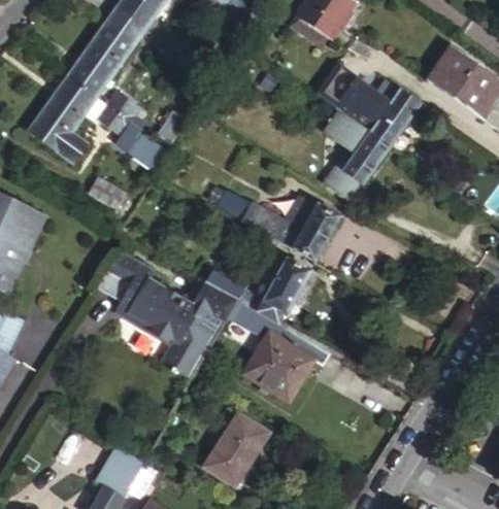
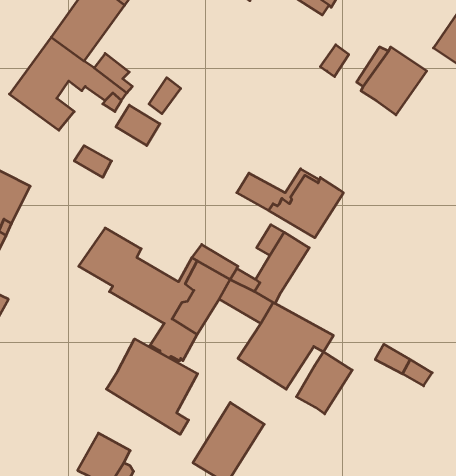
building: [323,110,392,199] -> none
building: none -> [106,339,198,434]
building: none -> [296,352,352,414]

